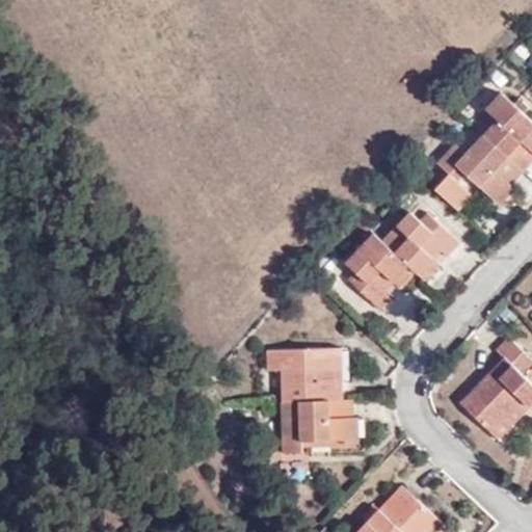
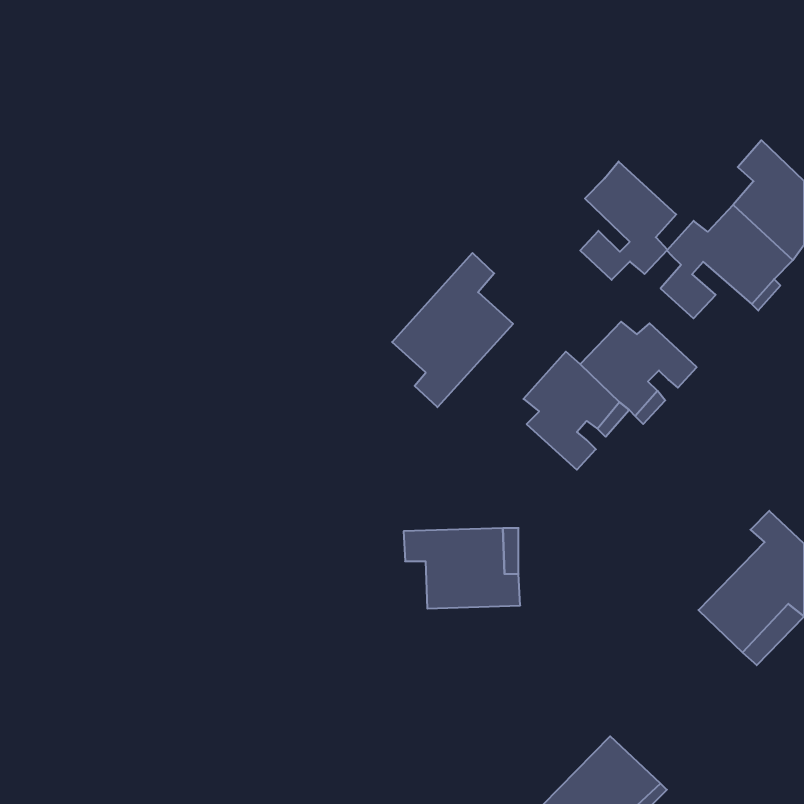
building: none -> [580,161,676,280]
building: none -> [392,253,513,407]
building: [280,399,354,454] -> none

